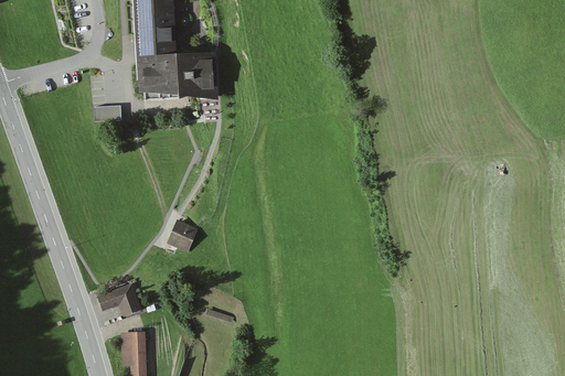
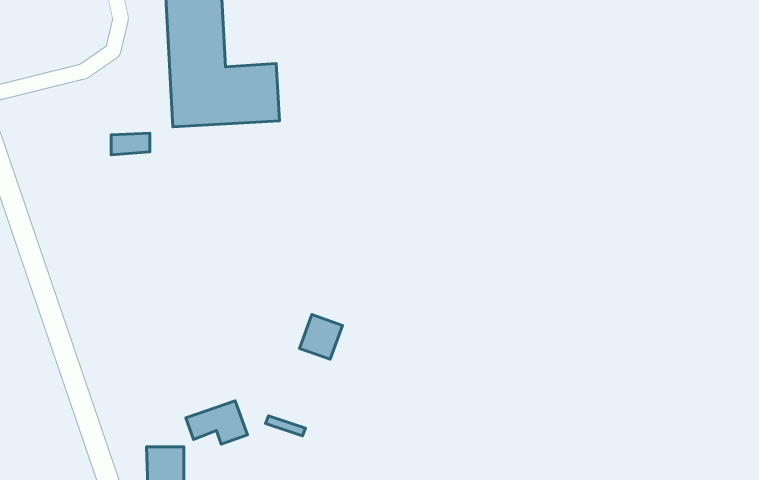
building: [168,219,199,251] -> [299,315,343,359]
building: [97,282,141,313] -> [186,401,247,444]

